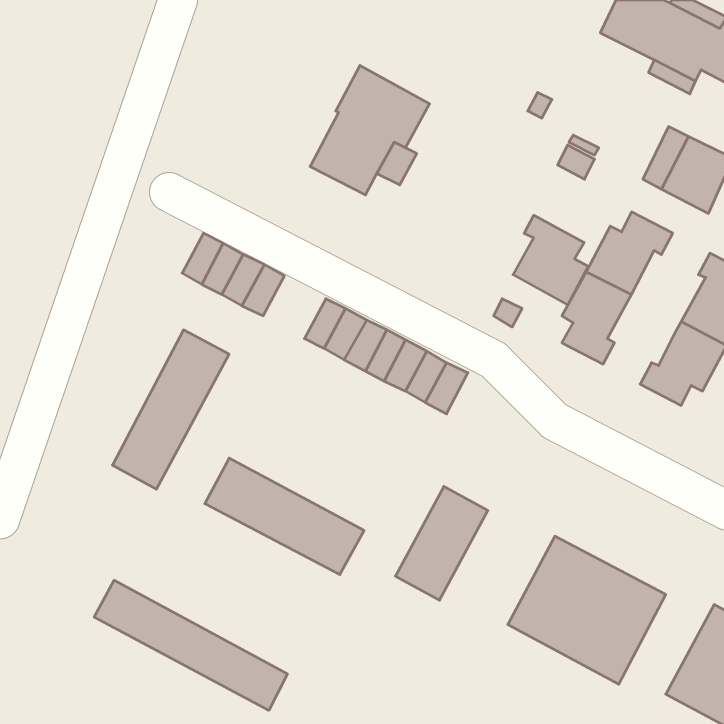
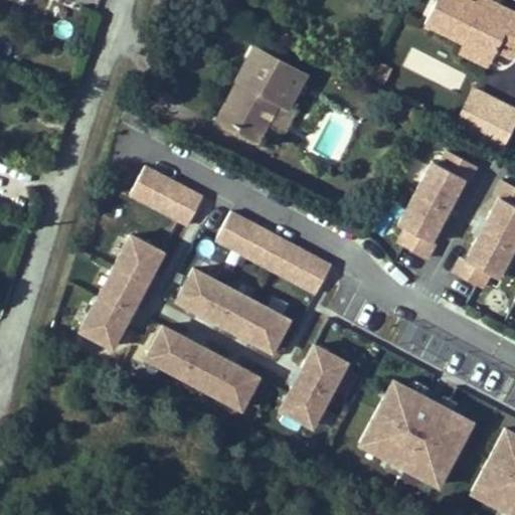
building: [513,215,588,305] -> none
building: none -> [178,269,290,351]
building: [94,580,287,710] -> none

